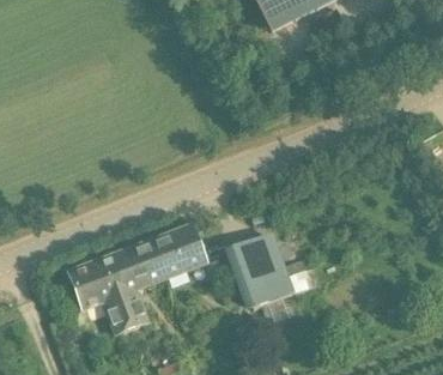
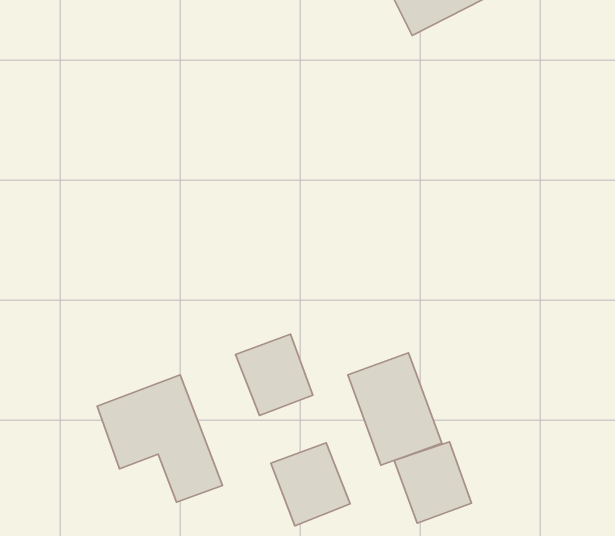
building: [121,236,172,290] -> [271,443,350,526]
building: none -> [394,442,471,523]

